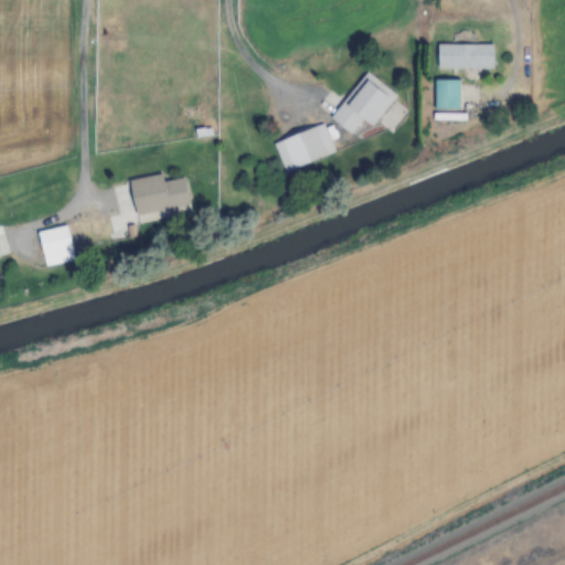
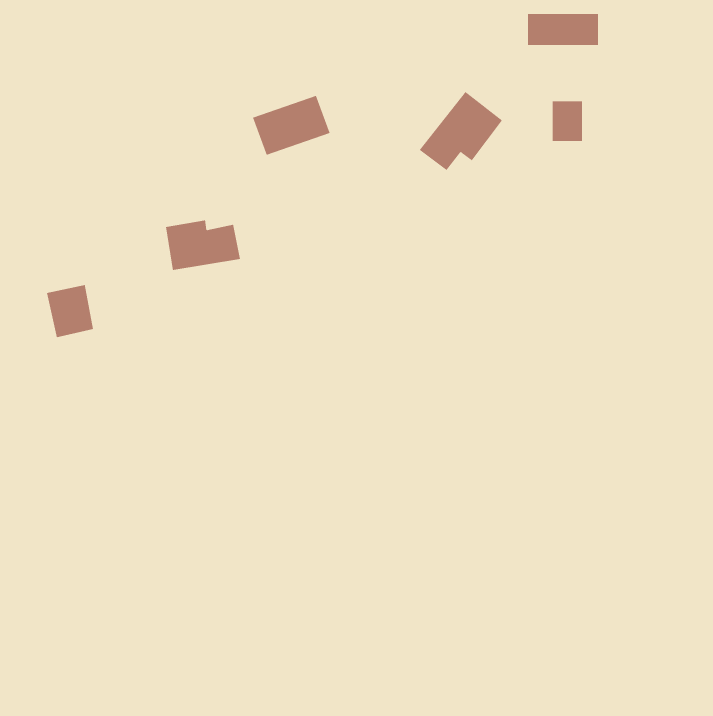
building: [439,44,495,70] -> [527,13,599,46]
building: [275,125,337,172] -> [252,95,330,155]

